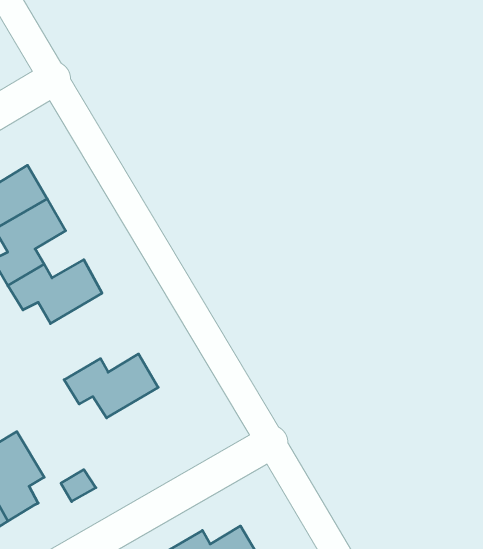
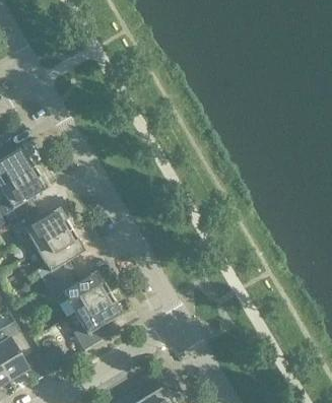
building: none -> [35,229,83,287]
building: none -> [72,292,121,350]

